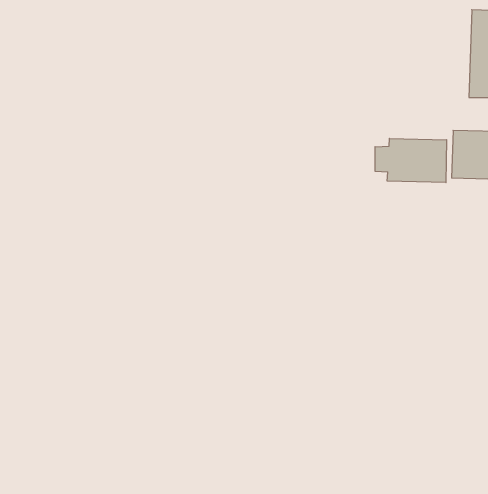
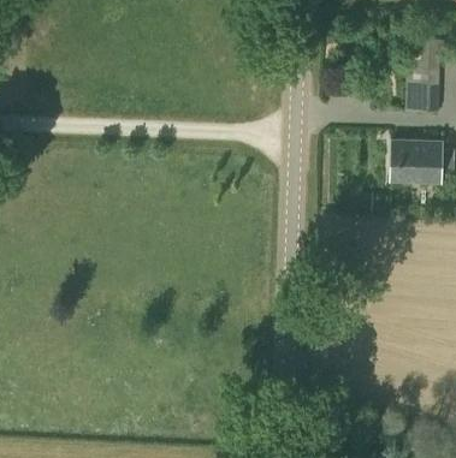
building: [375,138,447,183] -> none

